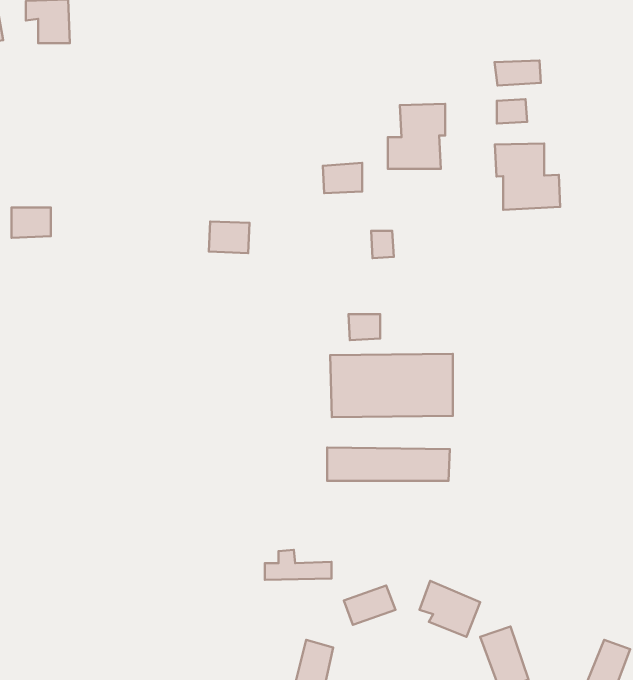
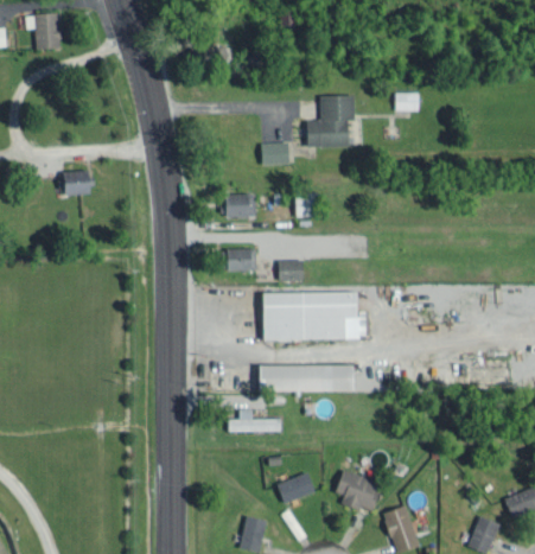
building: [494,61,541,86] -> none
building: [495,143,560,210] -> none
building: [12,207,51,238] -> [62,172,93,196]
building: [209,221,250,253] -> [223,193,255,218]
building: none -> [228,249,256,272]
building: [265,550,332,580] -> [229,409,281,433]

